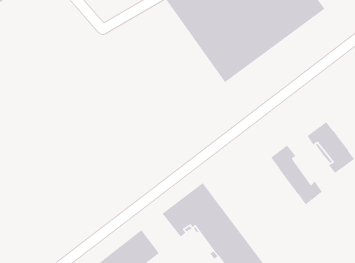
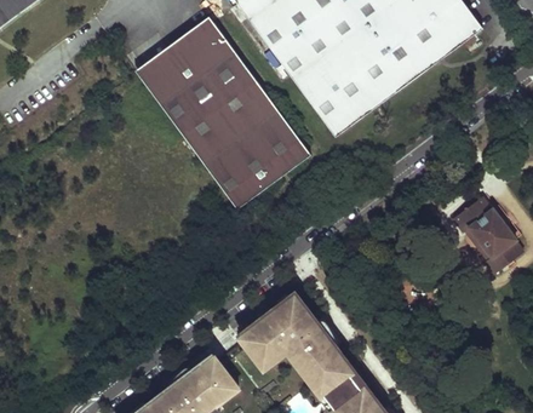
building: none -> [138,23,310,212]
building: [270,145,323,205] -> none

